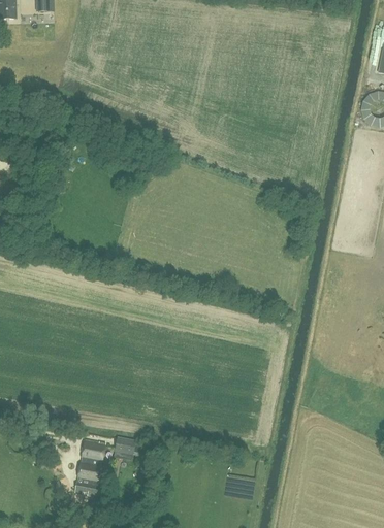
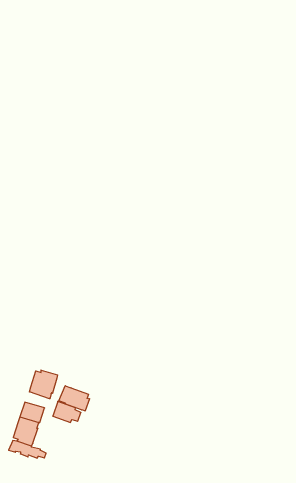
building: none -> [29,370,57,399]
building: none -> [59,386,90,411]

